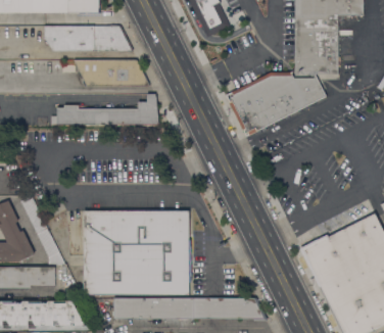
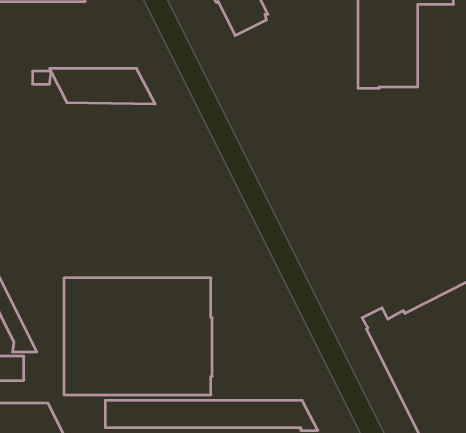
building: [44,28,132,51] -> none
building: [226,73,326,137] -> none
building: [51,95,159,126] -> none

